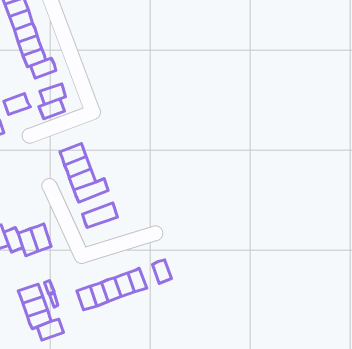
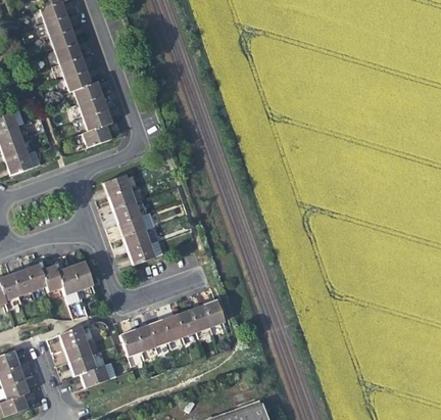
building: [4,94,30,114] -> [77,96,105,119]
building: none -> [124,226,161,251]
building: none -> [189,306,211,340]

